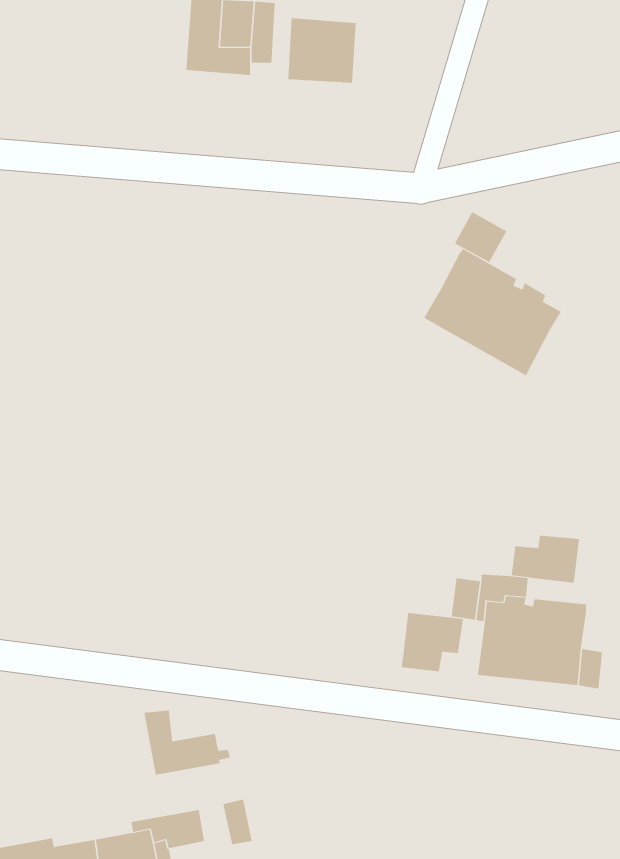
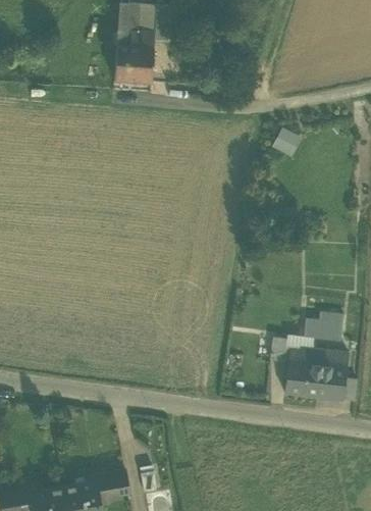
building: [287,18,356,83] -> [114,46,154,84]
building: [423,248,561,376] -> none
building: [401,612,463,672] -> none
building: [144,710,231,776] -> none

